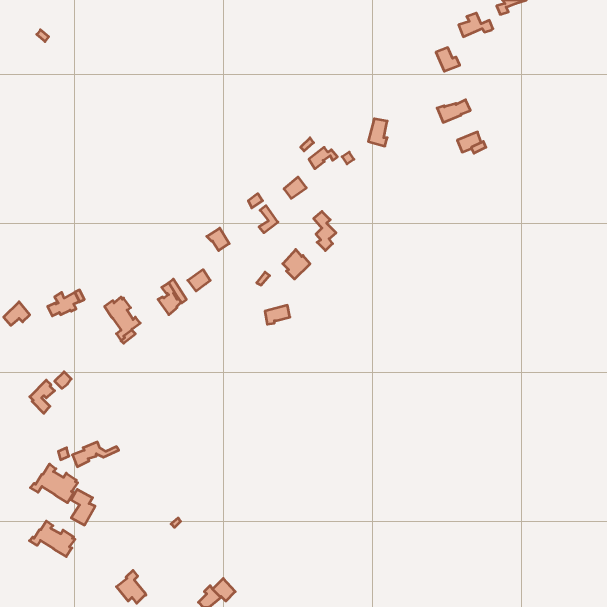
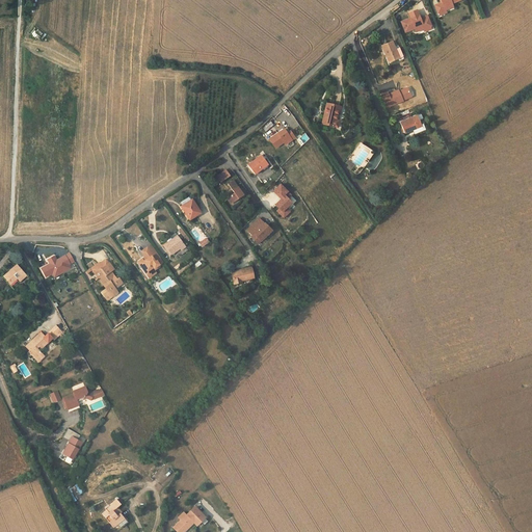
building: [30,464,78,503] -> none
building: [29,521,75,557] -> none

